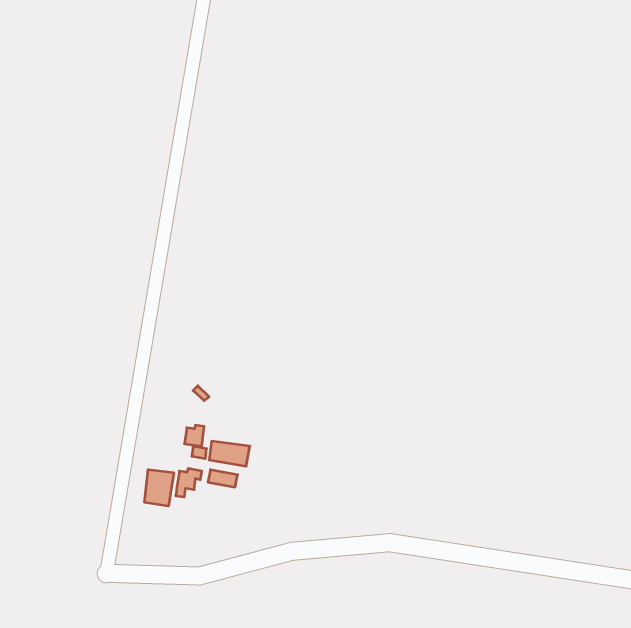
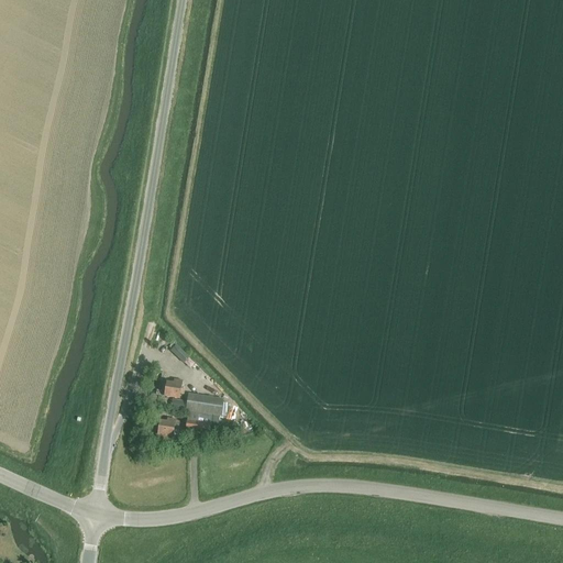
building: [145,470,174,506] -> none

